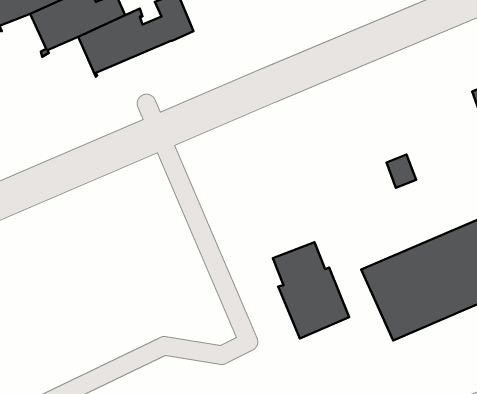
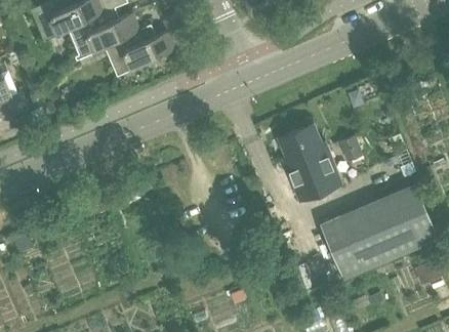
building: [273,242,349,339] -> [280,125,338,199]

